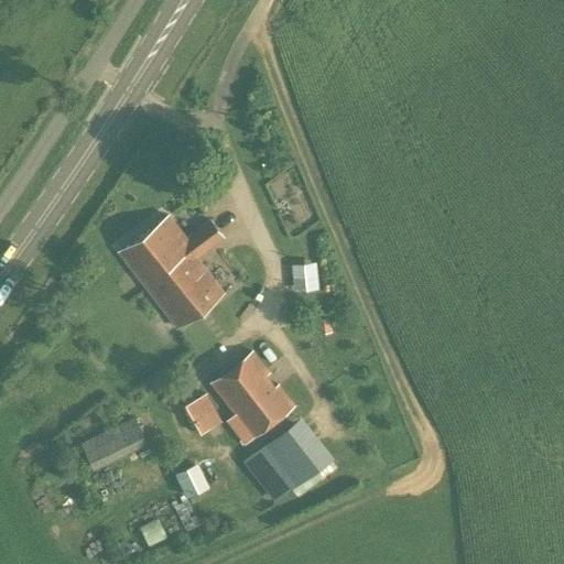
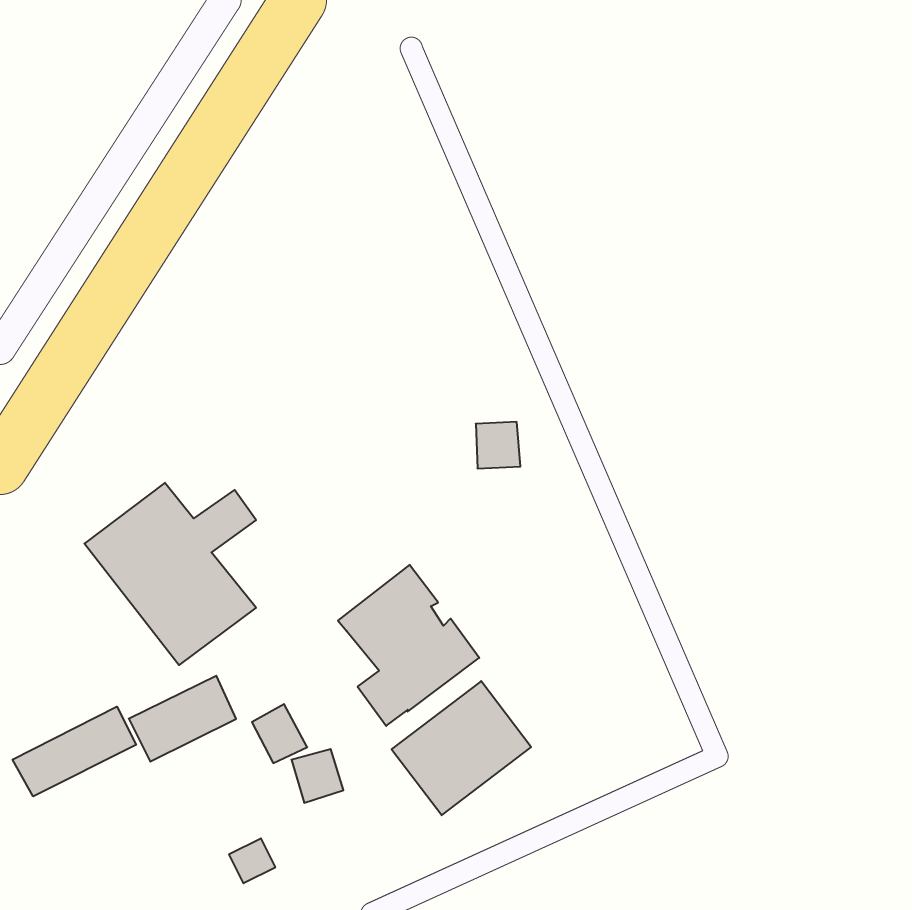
building: [119,216,225,328] -> [84,483,256,665]
building: [189,392,224,429] -> [252,704,307,763]
building: none -> [13,707,136,796]

